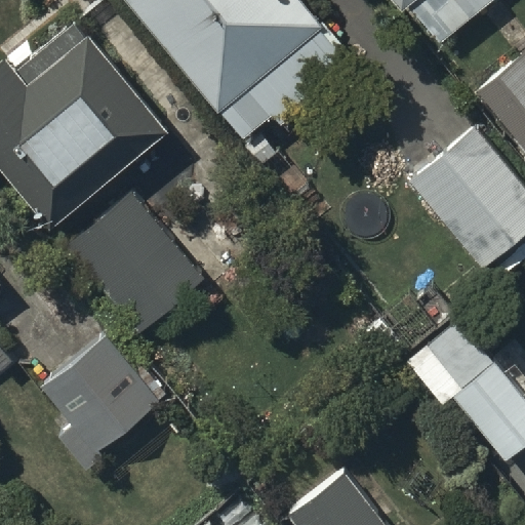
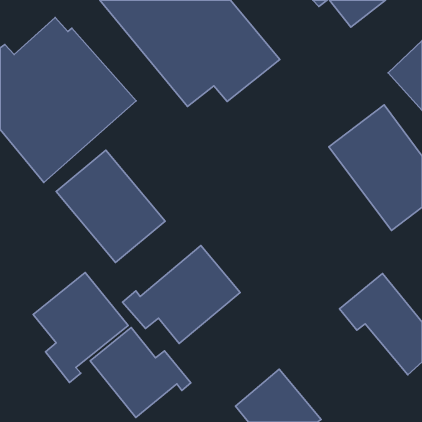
building: none -> [123,245,240,343]
building: none -> [90,327,191,417]

